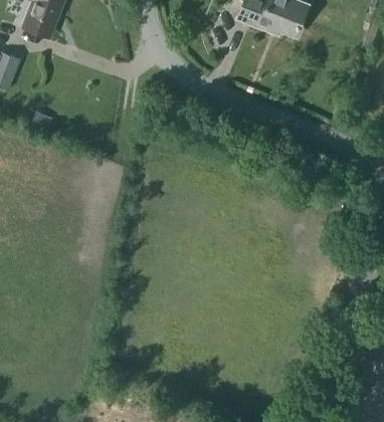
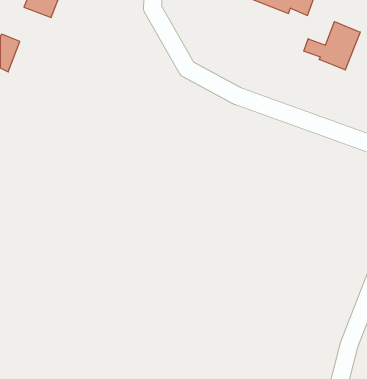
building: none -> [304,22,360,70]

